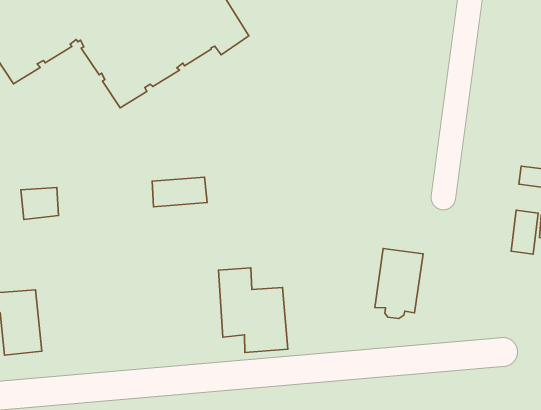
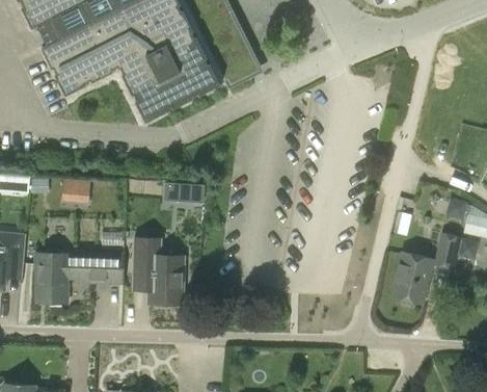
building: [375,249,423,319] -> [391,253,433,308]
building: [219,268,288,352] -> [133,238,183,305]
building: none -> [75,253,124,284]

